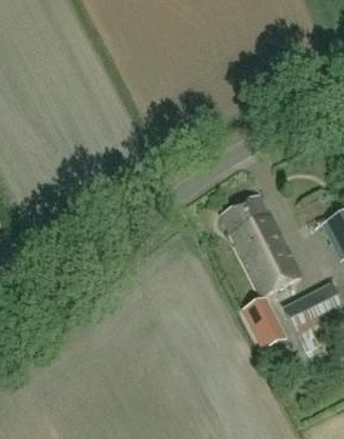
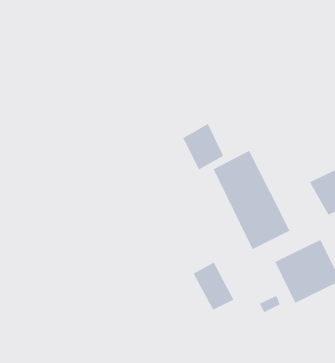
building: none -> [183,123,224,170]
building: [243,295,286,344] -> [193,262,234,310]

